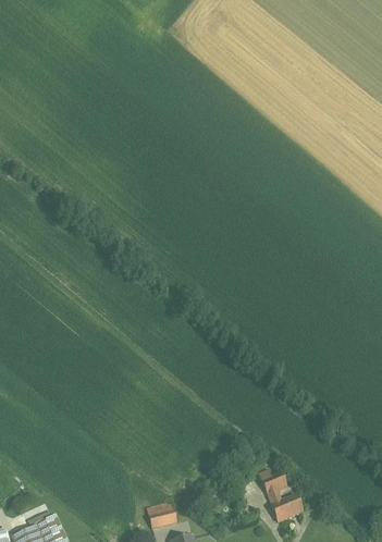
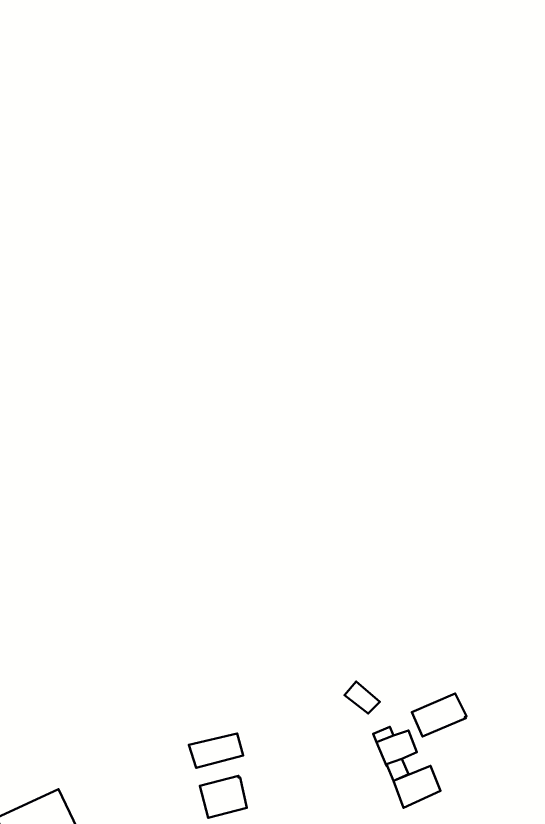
building: none -> [412,693,466,737]
building: none -> [189,734,243,768]

